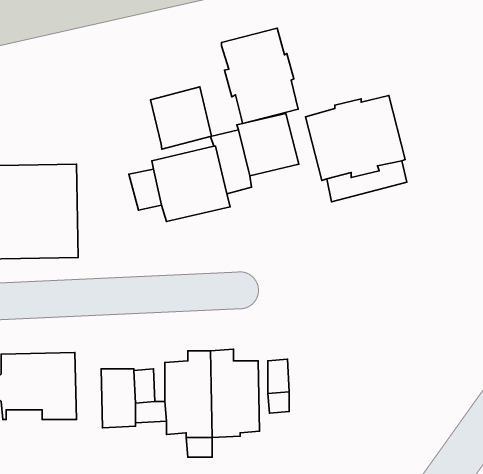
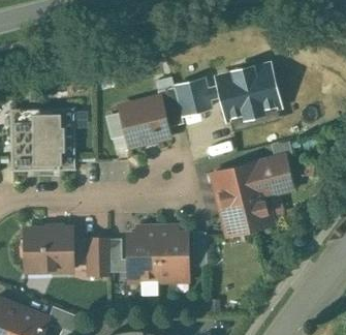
building: [221,28,298,124] -> none
building: [150,87,212,149] -> none
building: none -> [212,155,292,235]

